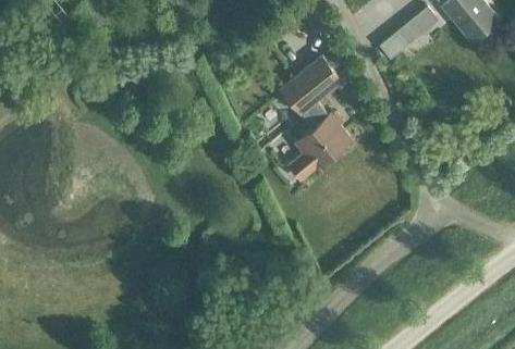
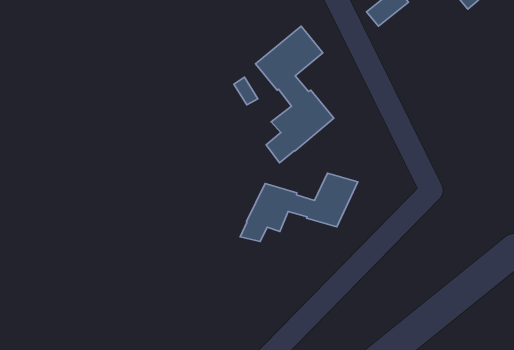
building: none -> [240,173,358,242]

